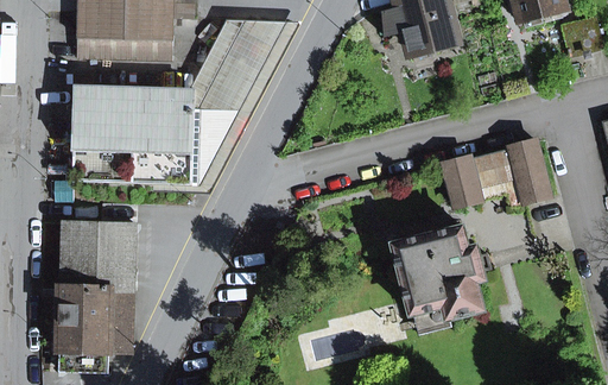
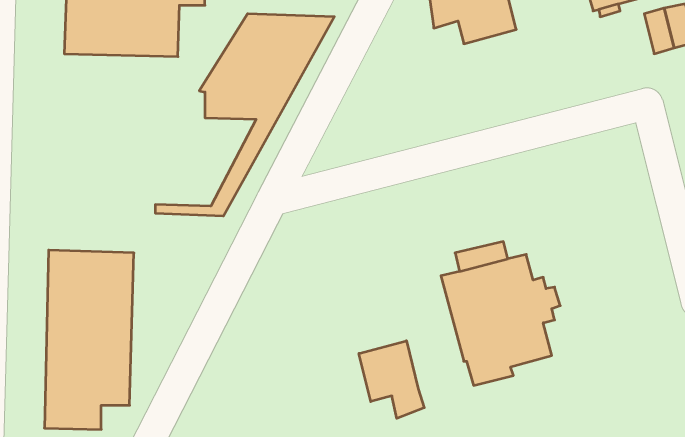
building: [72,84,236,183] -> none
building: [442,138,549,203] -> none
building: none -> [359,341,424,418]

